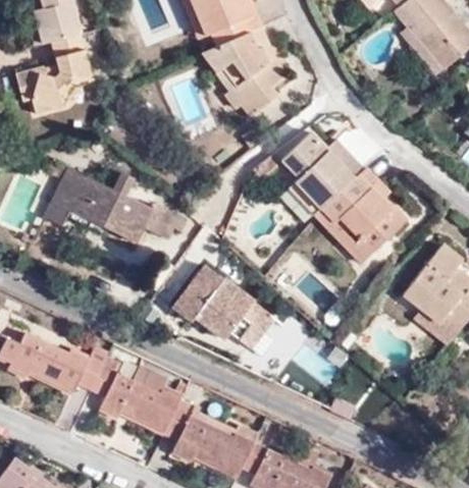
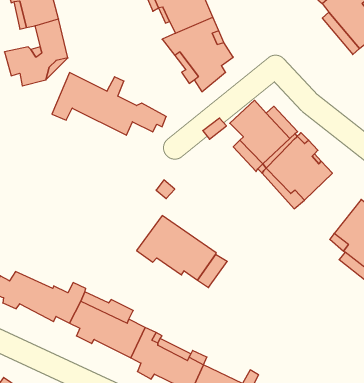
building: [49,167,187,242] -> [52,73,166,135]

